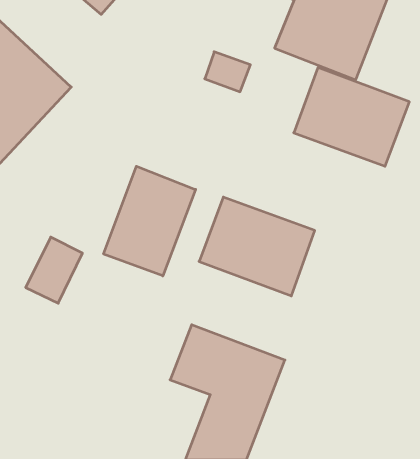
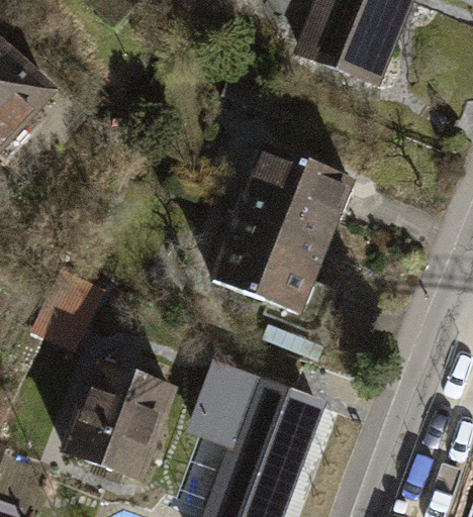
building: [294,68,409,166] -> [243,146,368,253]
building: [104,166,196,276] -> none
building: none -> [57,353,161,466]

